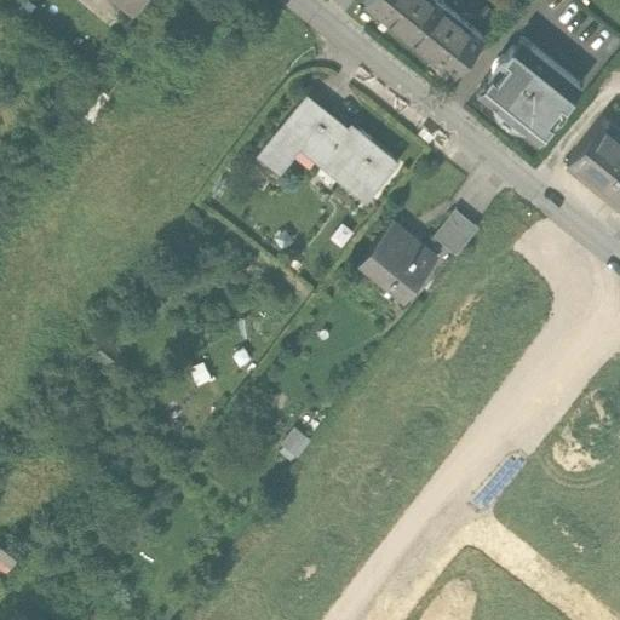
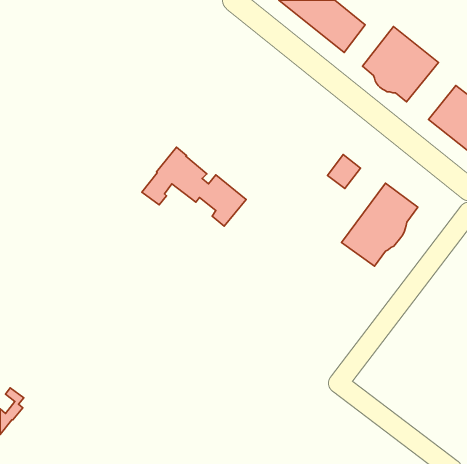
building: [260,97,398,201] -> [142,147,246,226]
building: [360,220,437,298] -> none
building: none -> [341,183,418,266]

